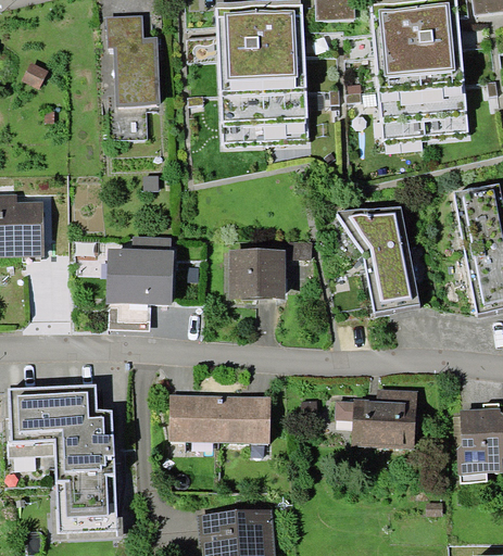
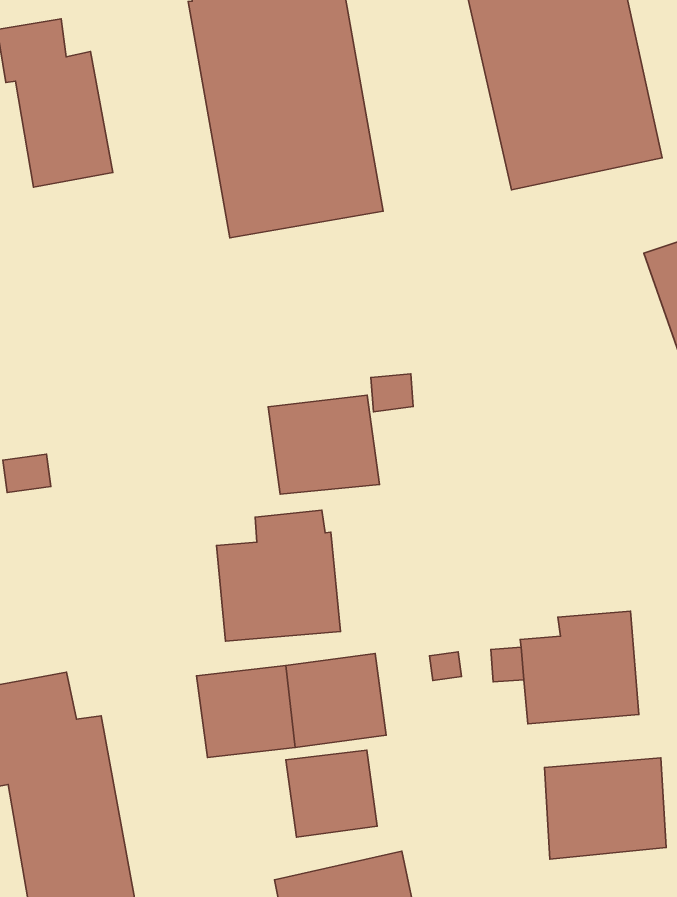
building: [336,206,418,312] -> none
building: [106,236,174,306] -> [217,510,340,641]
building: none -> [286,750,377,837]
building: none -> [544,758,666,859]

